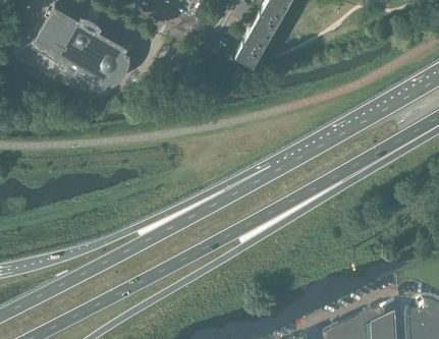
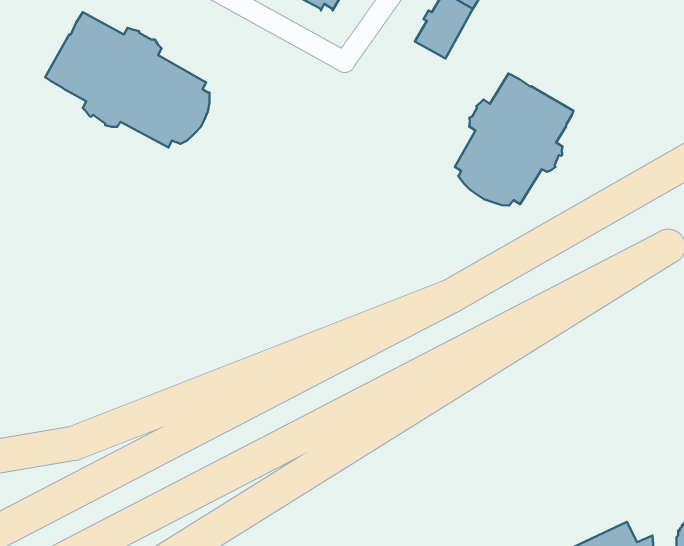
building: [235,25,271,65] -> none
building: none -> [455,74,574,205]

